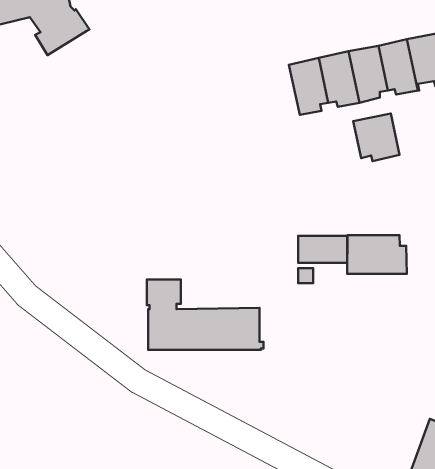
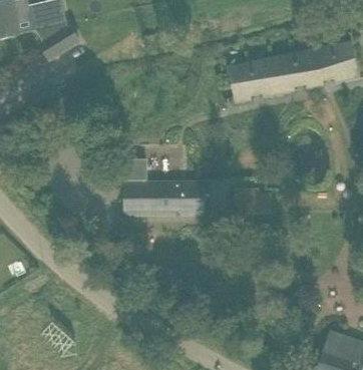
building: [353,114,400,161] -> none
building: [347,235,407,274] -> none
building: [147,279,263,350] -> [121,161,208,214]

